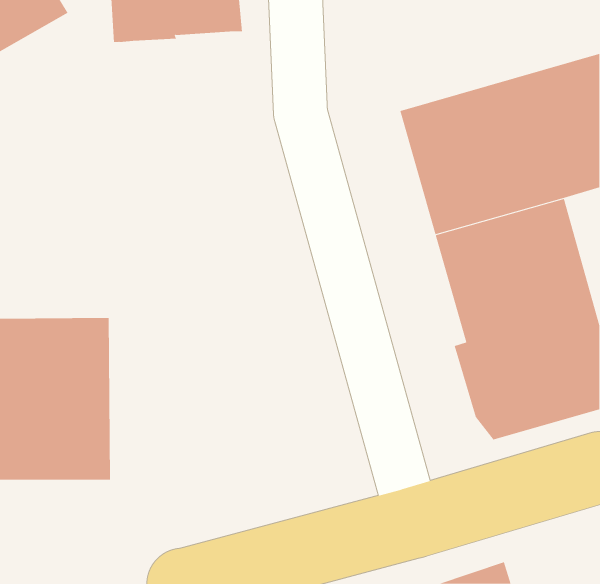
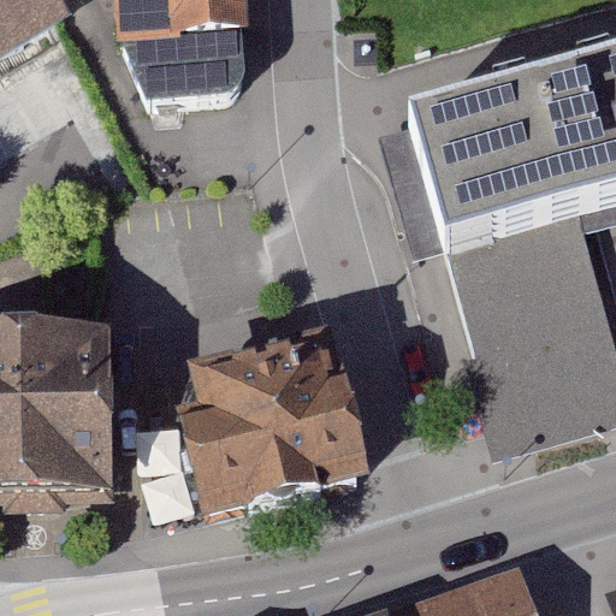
building: none -> [122,32,245,97]
building: none -> [177,330,369,516]

